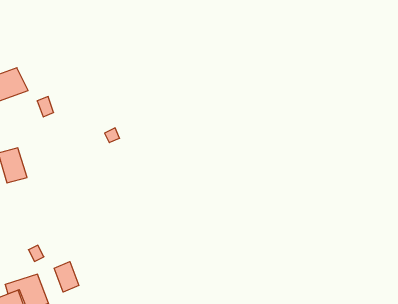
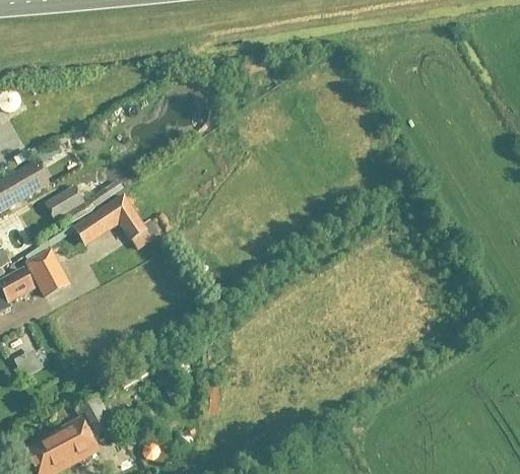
building: none -> [73,196,145,242]
building: [54,262,79,292] -> none

